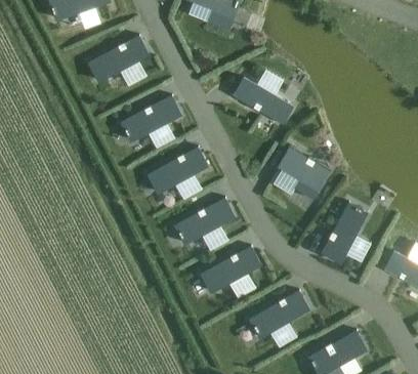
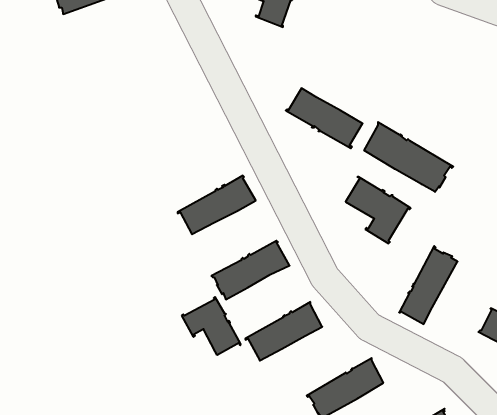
building: [87,36,149,82] -> none
building: [120,95,181,140] -> none
building: none -> [364,122,453,192]
building: none -> [182,297,240,355]

